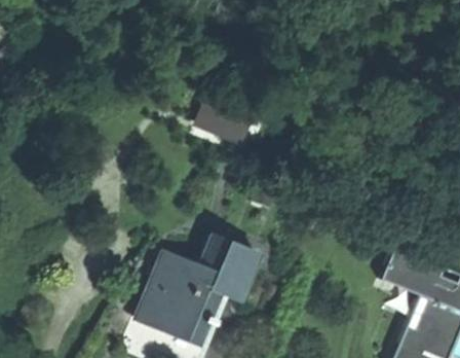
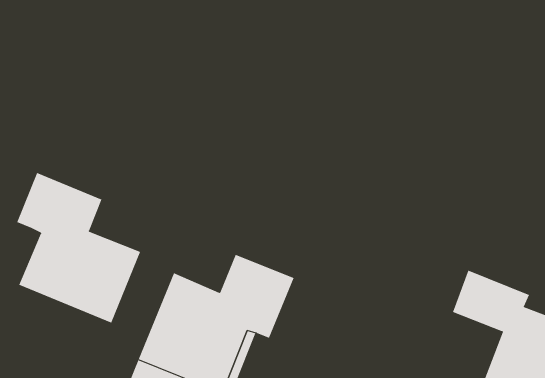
building: [198,86,254,137] -> none
building: none -> [17,172,141,323]

